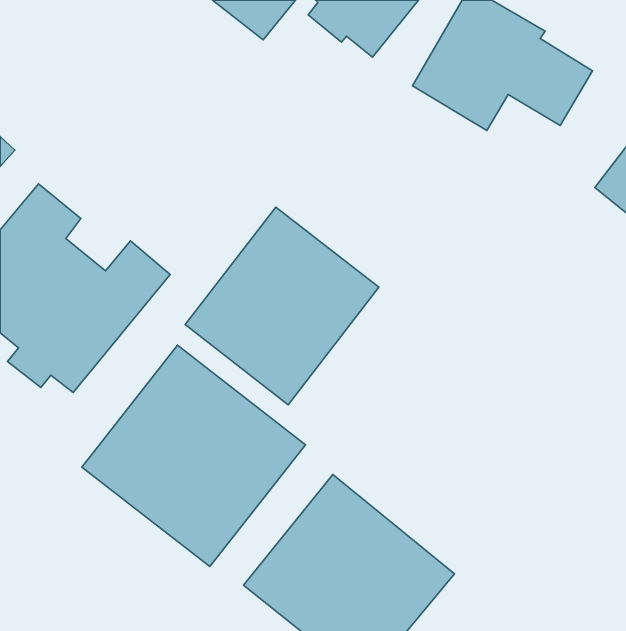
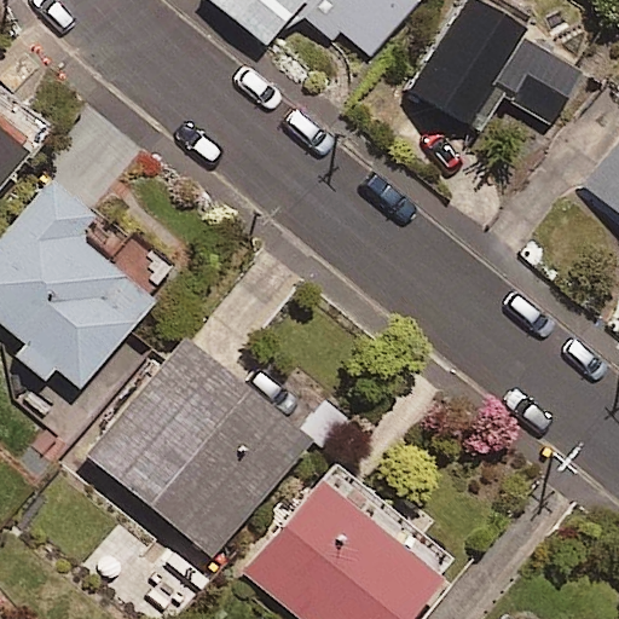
building: [185,207,379,405] -> none

